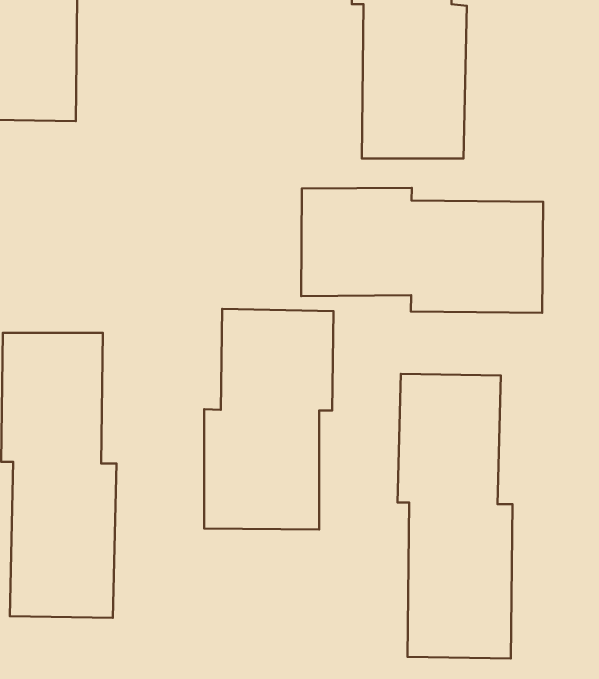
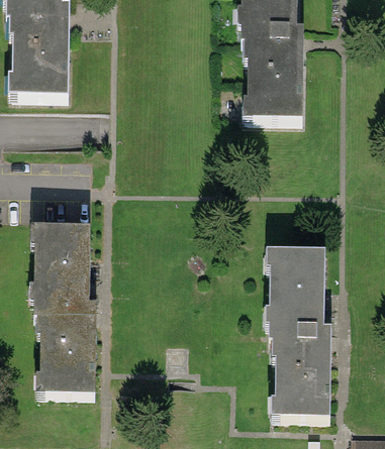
building: [301,188,543,313] -> none
building: [204,309,333,529] -> none

